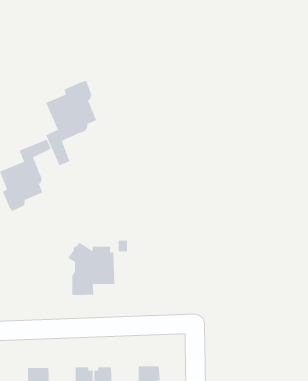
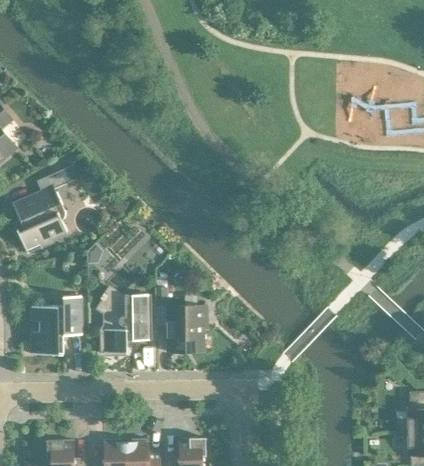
building: [46,80,97,166] -> none
building: none -> [32,295,82,354]
building: none -> [167,305,206,352]

